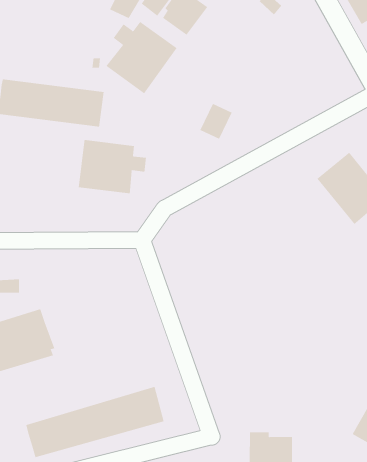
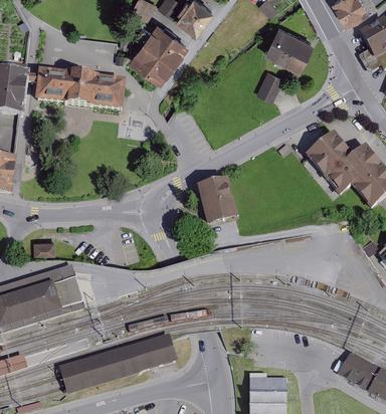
building: none -> [263,24,314,70]
building: [200,103,233,140] -> [255,68,283,99]
building: [78,139,146,194] -> none
building: none -> [196,179,237,225]

